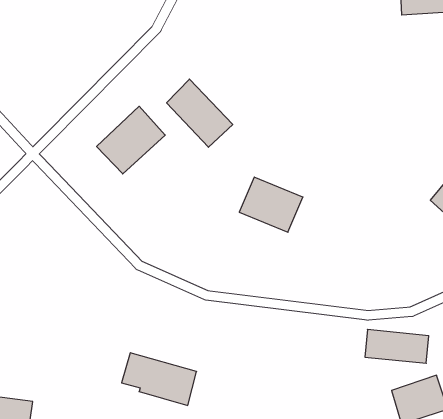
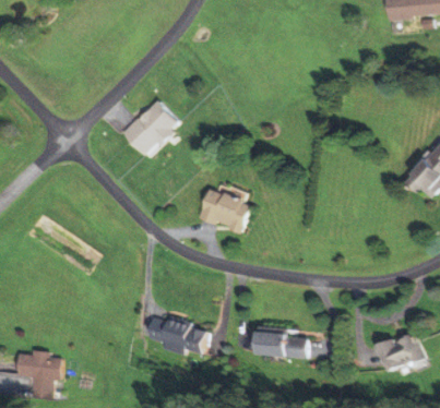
building: [167,79,233,147] -> none
building: [239,177,303,232] -> [197,185,252,233]
building: [365,329,429,363] -> [253,329,309,359]

